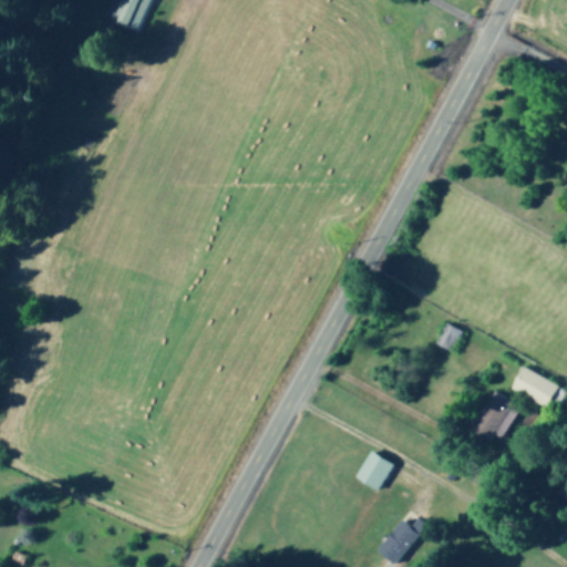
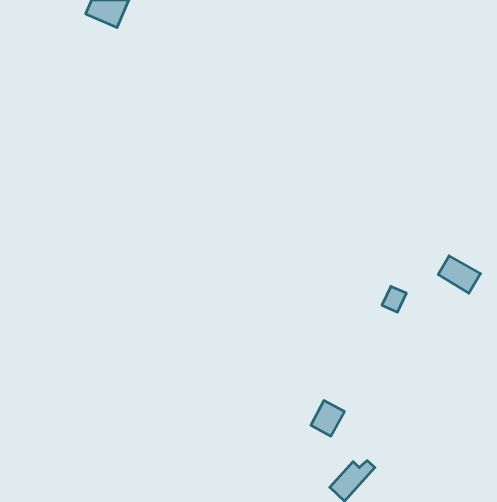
building: [513,367,560,409] -> [438,256,481,293]
building: [478,392,518,434] -> none

